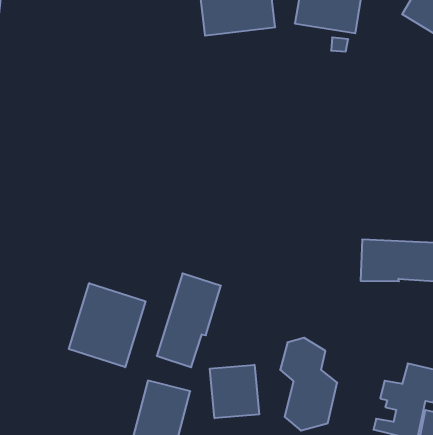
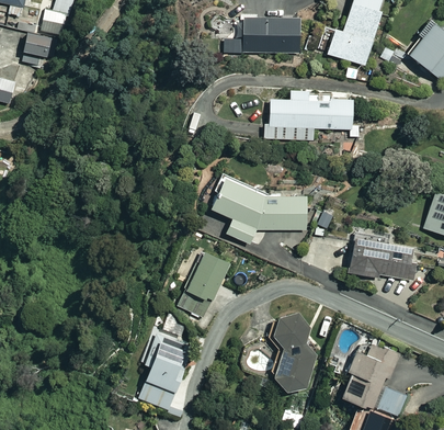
building: none -> [263,90,352,140]
building: none -> [208,177,308,242]
building: [69,283,146,367] -> none
building: [210,365,259,418] -> none

